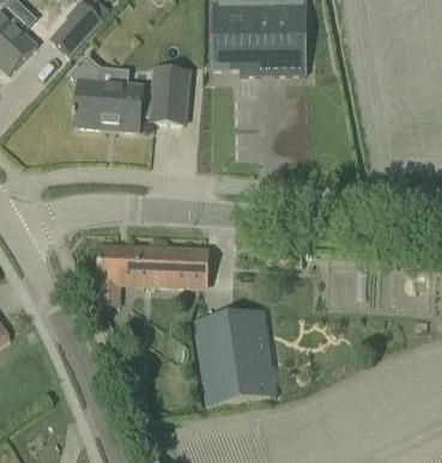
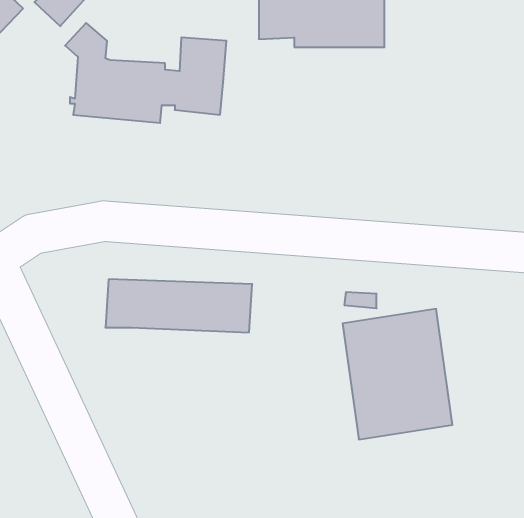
building: [194,309,276,406] -> [343,309,452,439]

